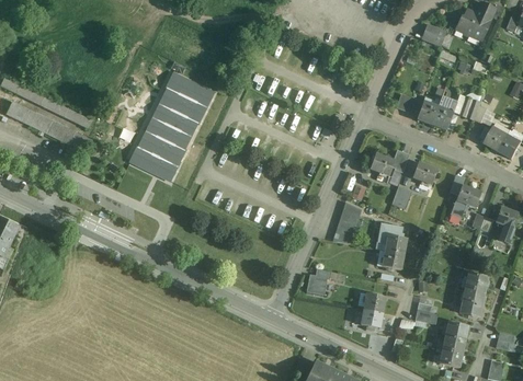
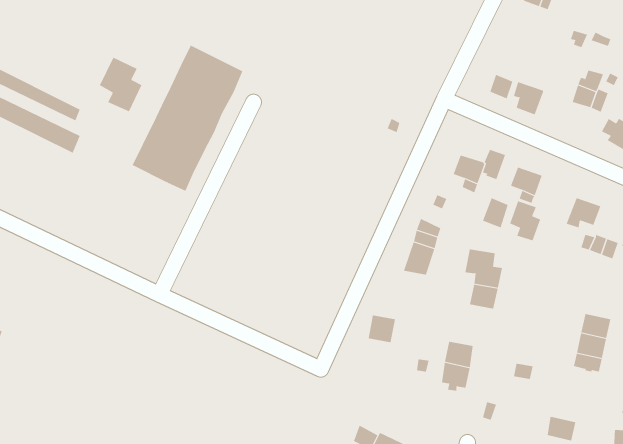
building: none -> [99,57,142,112]
building: [431,97,456,130] -> none
building: none -> [509,201,541,241]
building: [442,323,467,354] -> none

